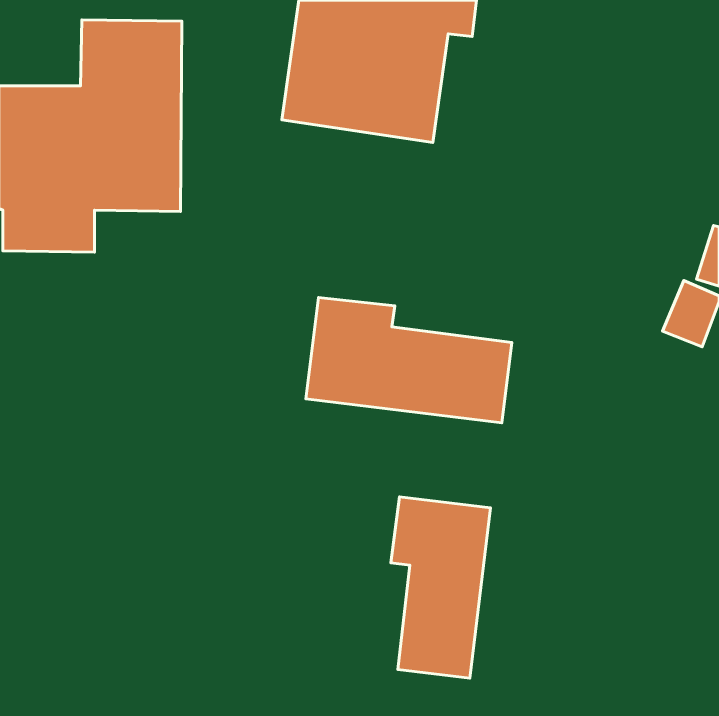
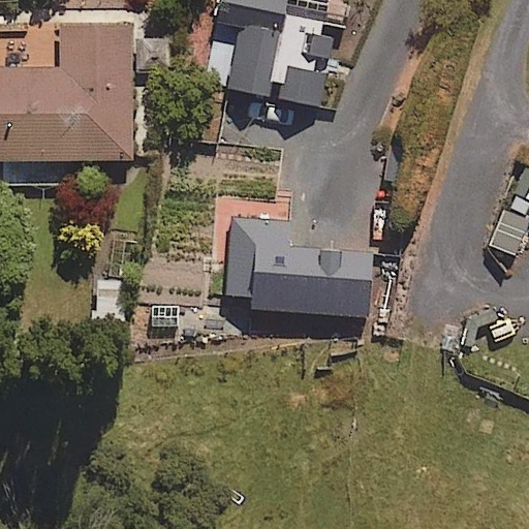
building: [391,497,491,678] -> none

